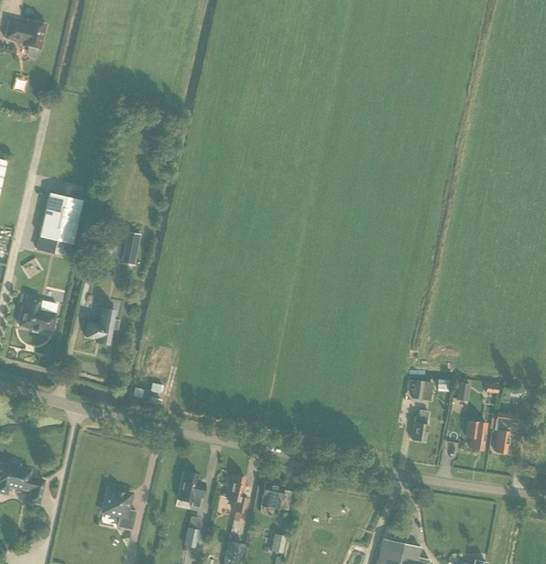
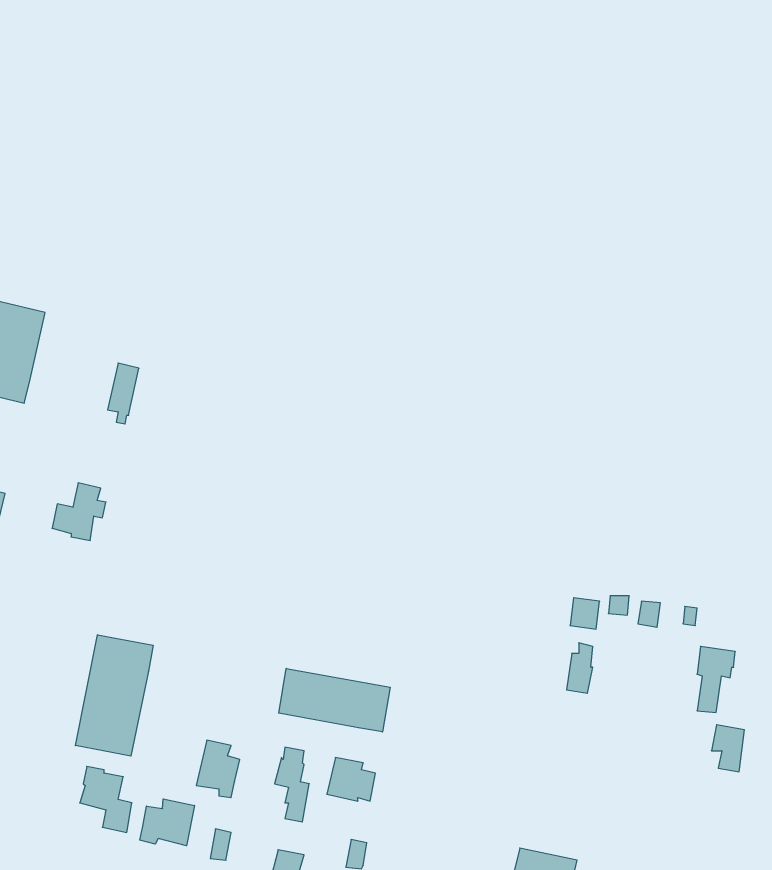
building: none -> [75,635,153,756]
building: [465,420,485,449] -> [711,725,744,772]
building: none -> [279,668,390,732]
building: none -> [140,799,194,846]

